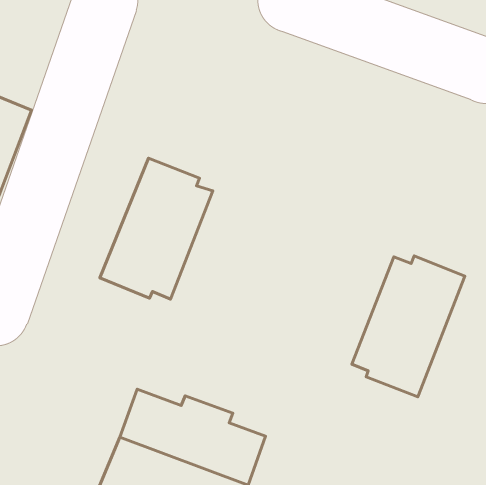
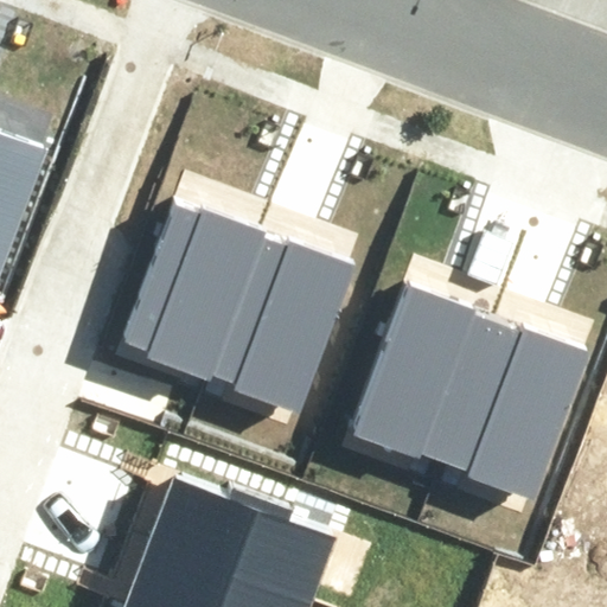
building: none -> [211,241,351,416]
building: none -> [347,283,487,456]

